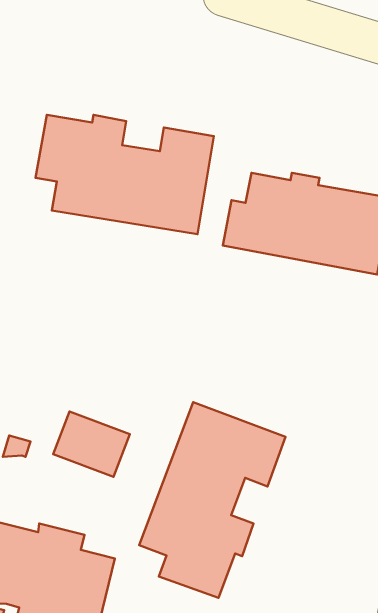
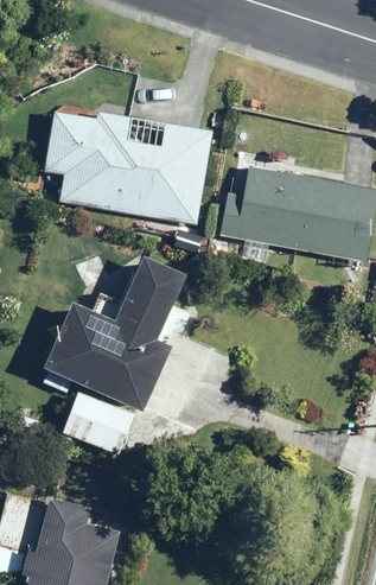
building: none -> [42,256,184,412]
building: [139,402,286,598] -> none

